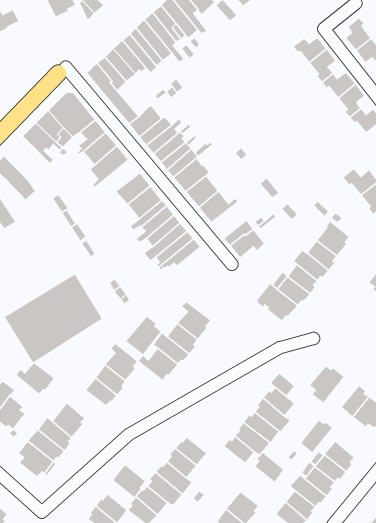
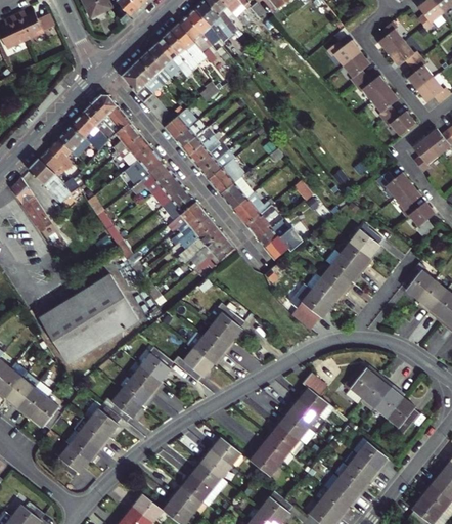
building: none -> [49,138,80,192]
building: none -> [130,162,175,192]
building: none -> [245,205,282,239]
building: [125,316,161,355] -> none
building: [16,363,55,395] -> [102,390,141,422]
building: [300,419,333,453] -> [359,377,392,410]
building: [254,452,284,483] -> [250,445,279,476]
building: [112,464,146,498] -> none

